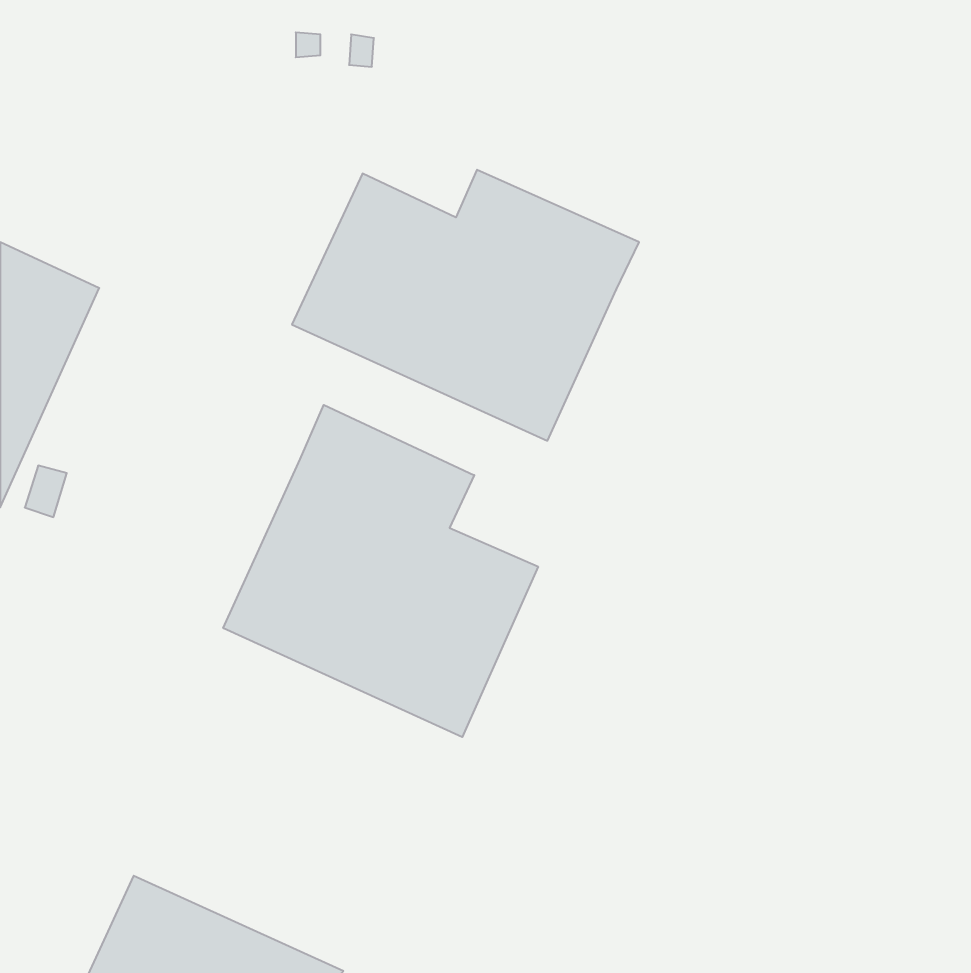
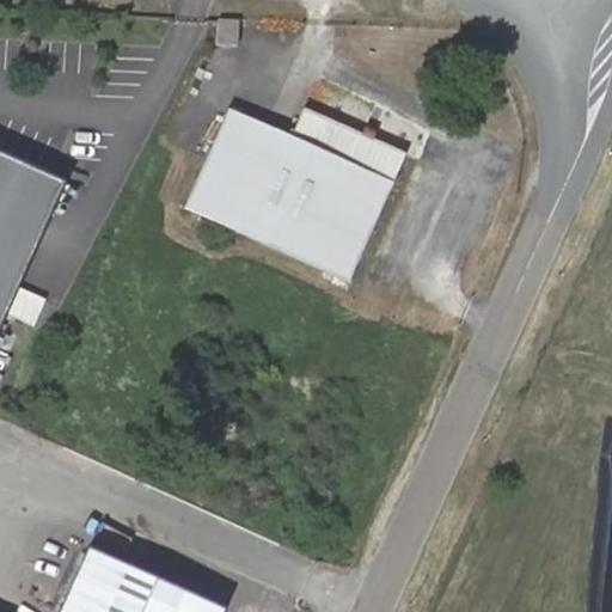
building: [223,405,538,737] -> none

